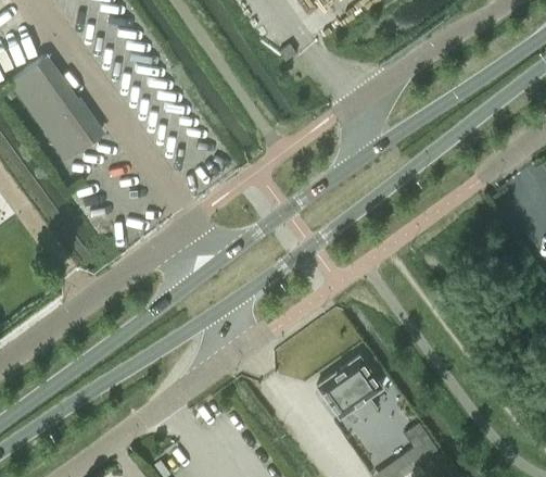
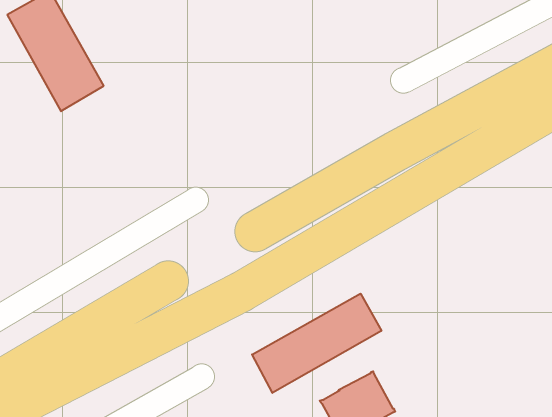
building: none -> [252,294,381,393]

